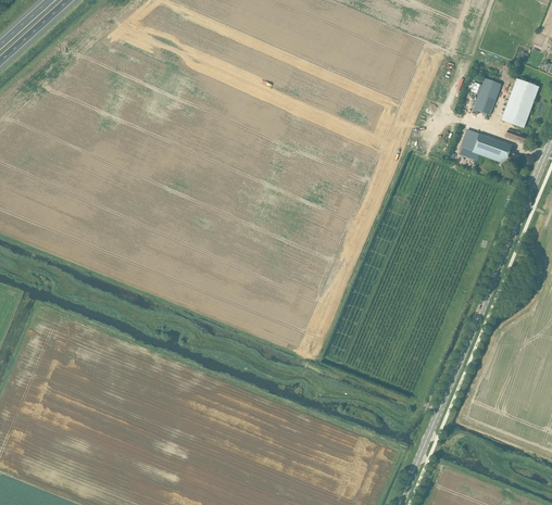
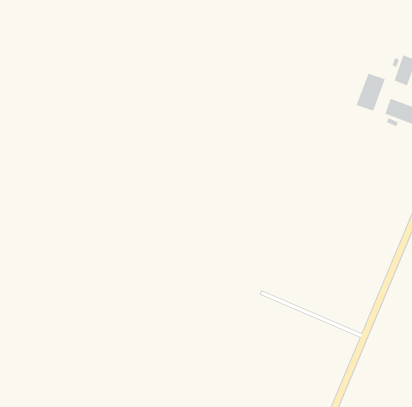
building: none -> [356,73,386,111]

